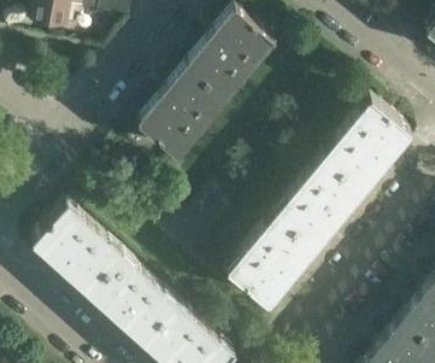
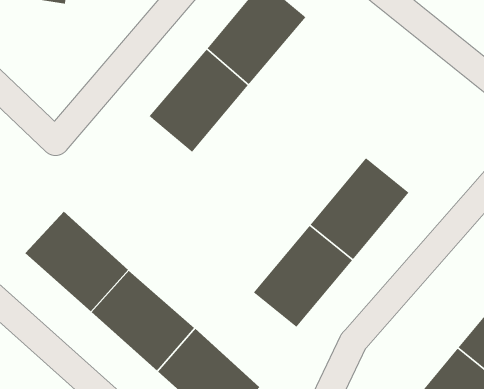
building: [323,101,407,189] -> none

